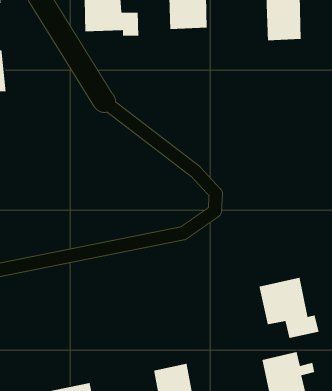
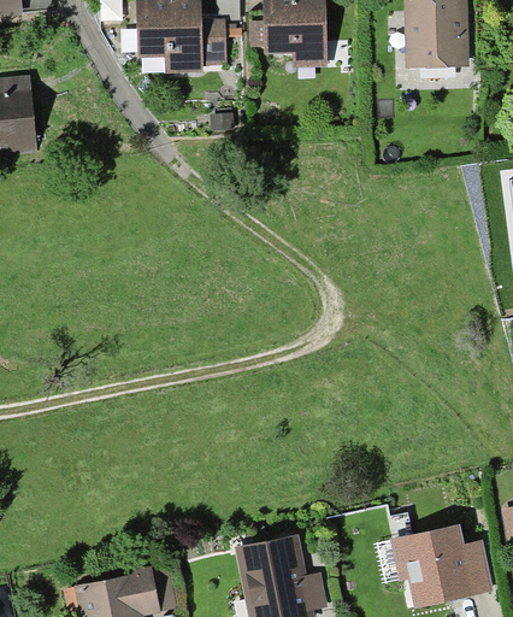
building: [258,277,320,339] -> none

